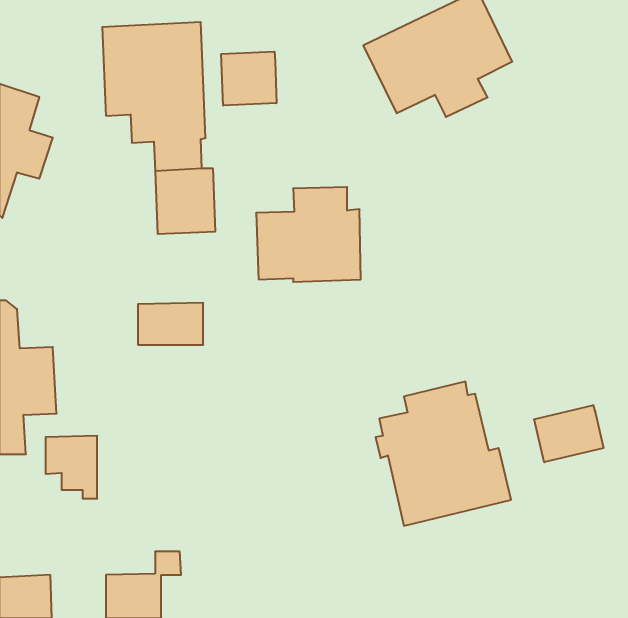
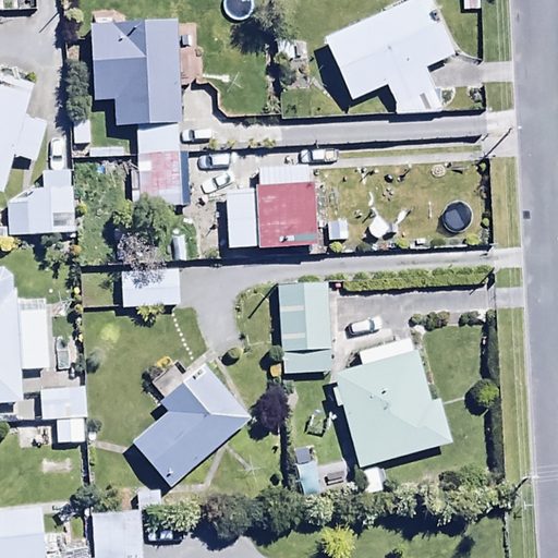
building: [221,52,276,106] -> none
building: none -> [9,168,73,231]
building: none -> [278,282,327,349]
building: [534,405,603,462] -> none
building: none -> [132,361,255,488]

